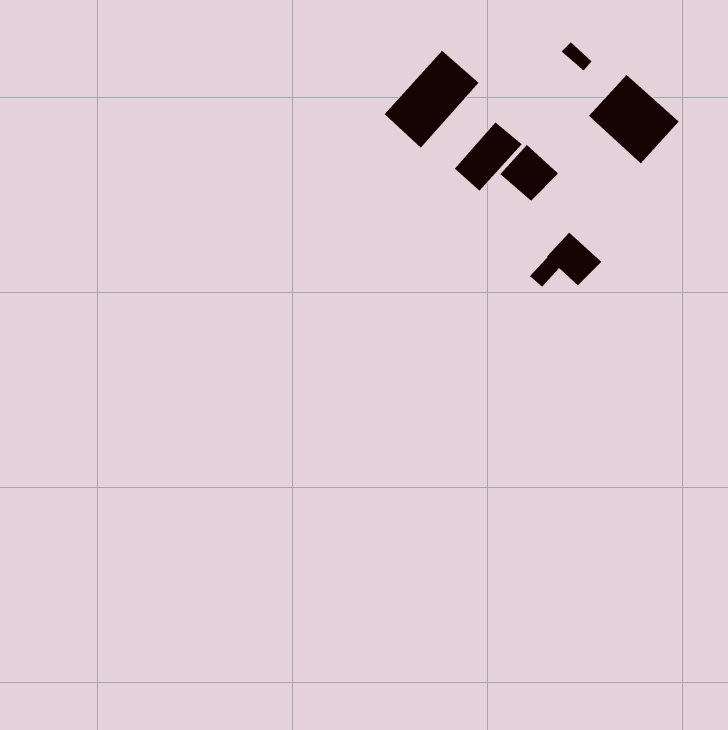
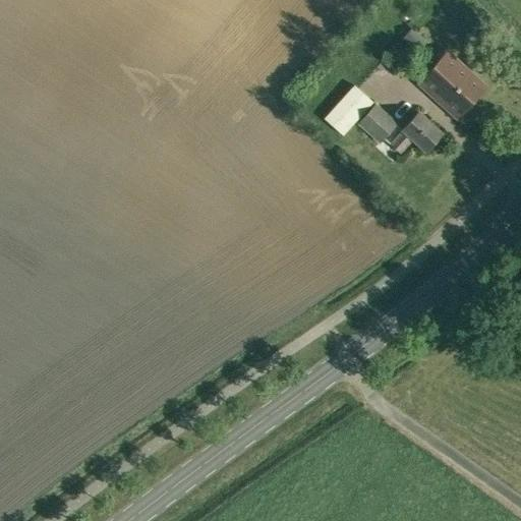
building: [384,50,480,148] -> none
building: [529,232,602,287] -> [391,113,443,153]

